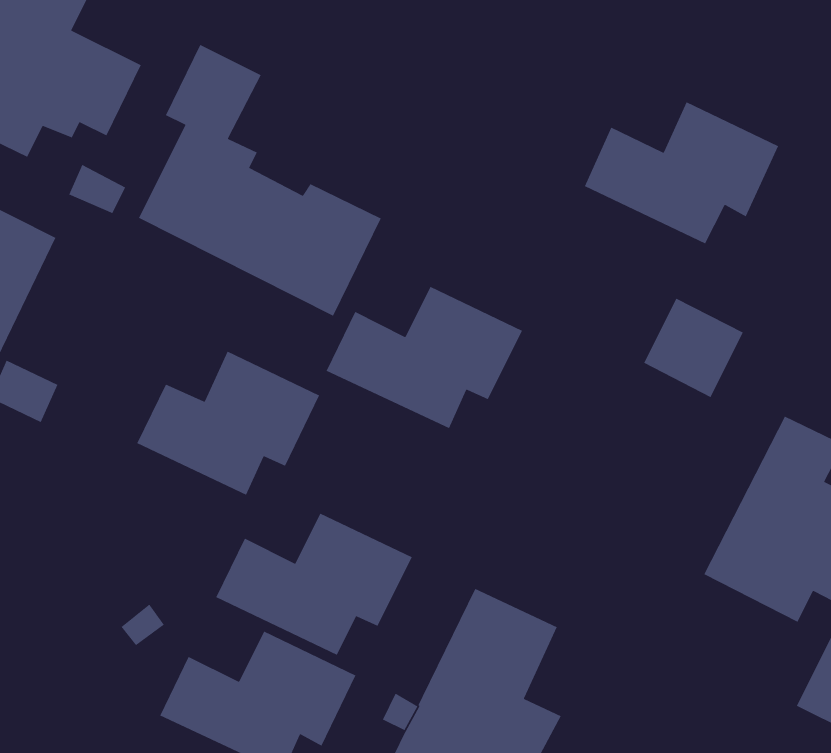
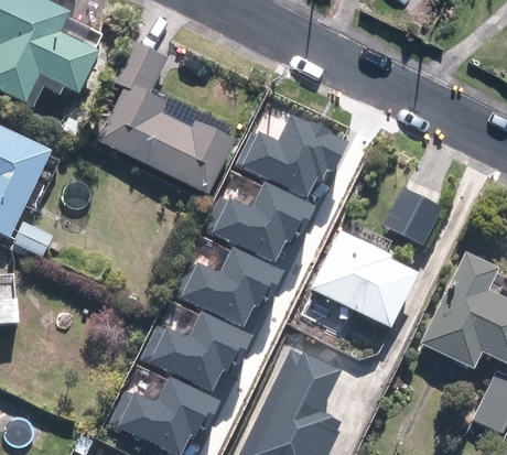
building: [584,101,779,245] -> [237,112,348,194]
building: [136,351,320,496] -> [182,242,287,325]
building: none -> [311,230,418,327]

